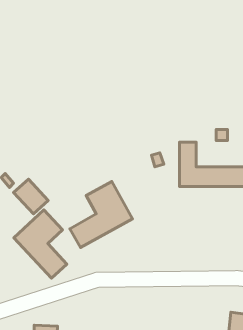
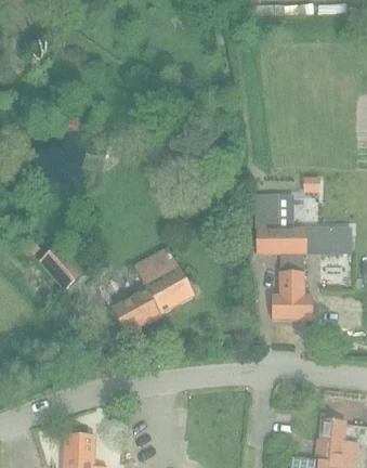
building: none -> [272,253,312,320]
building: [14,210,67,278] -> none

